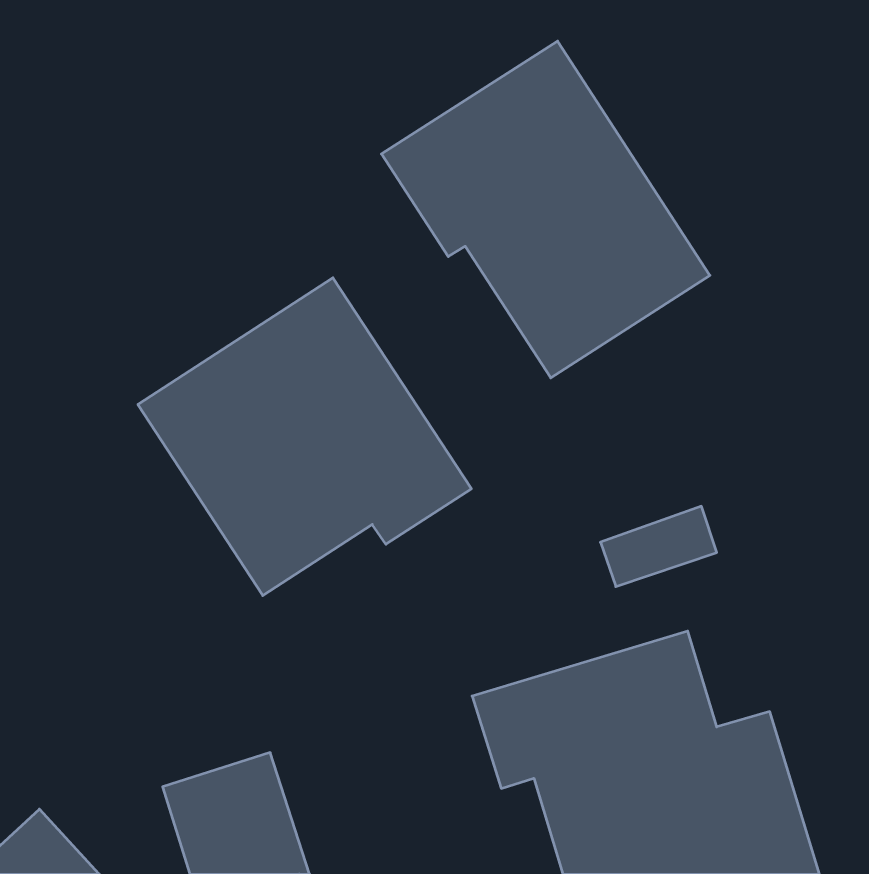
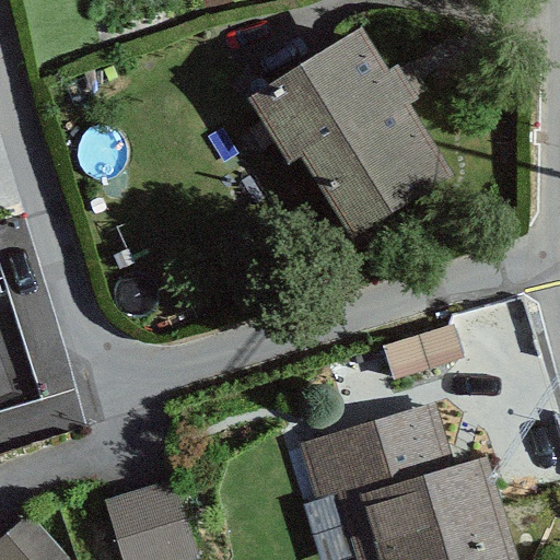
building: [138,278,471,596] -> none

